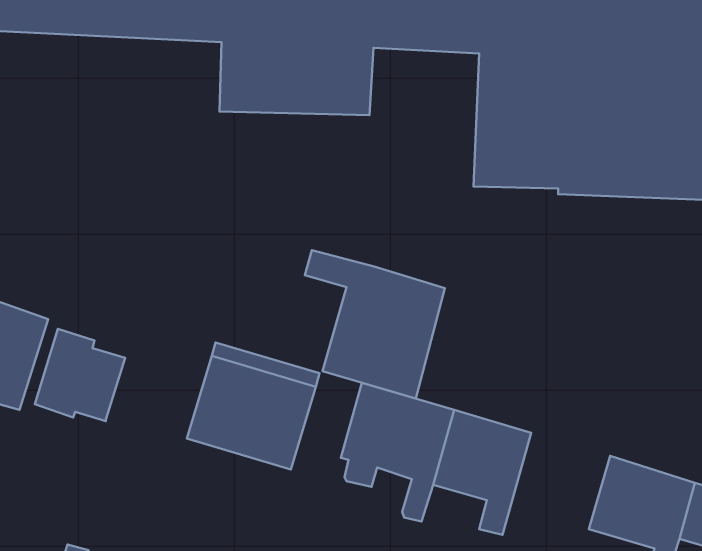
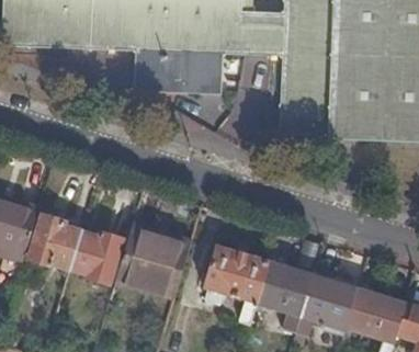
building: [305,250,445,399] -> none
building: none -> [70,231,121,282]
building: none -> [296,274,358,337]

